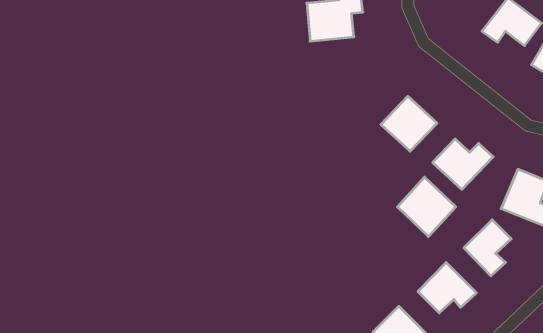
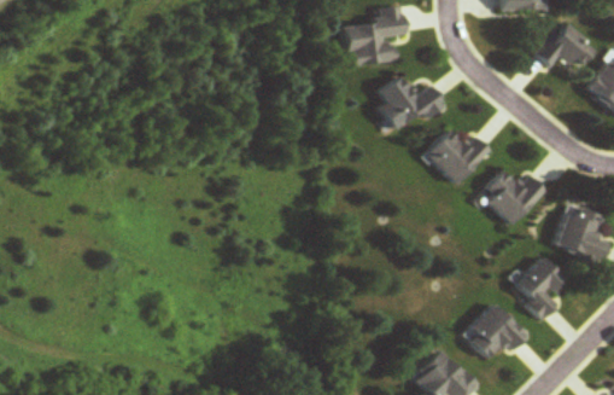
building: none -> [378,76,443,129]
building: [397,177,456,237] -> none

